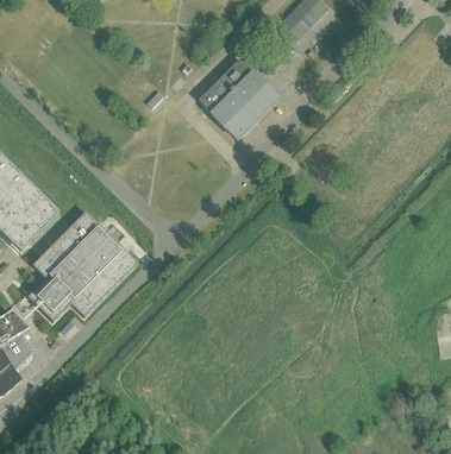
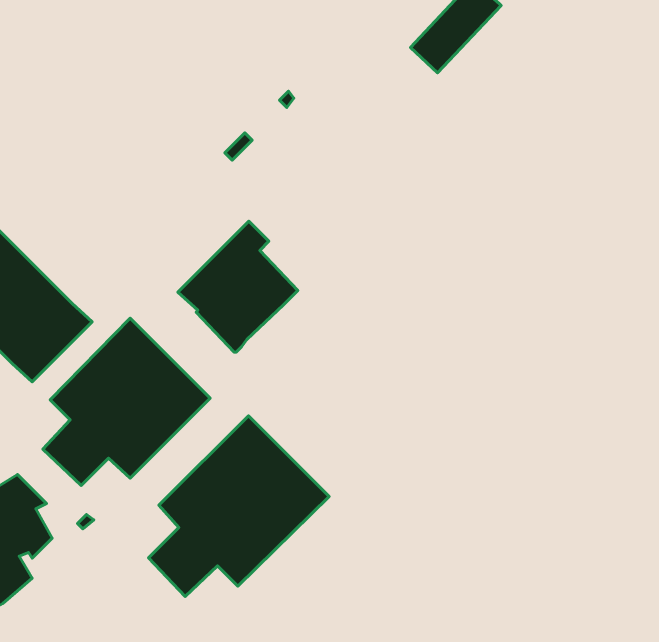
building: [201,51,280,137] -> [178,221,298,352]
building: none -> [148,416,329,597]

